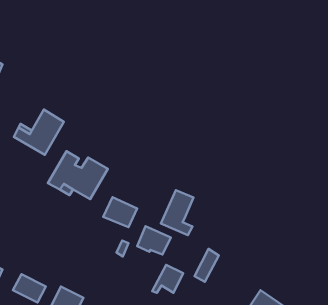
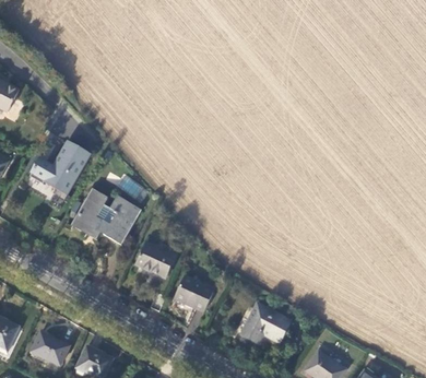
building: [161,190,194,235] -> none
building: [152,265,183,293] -> [253,310,289,343]

